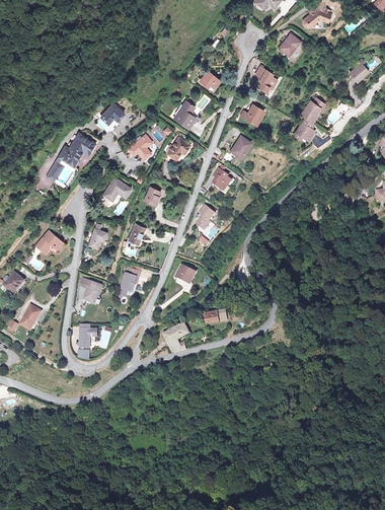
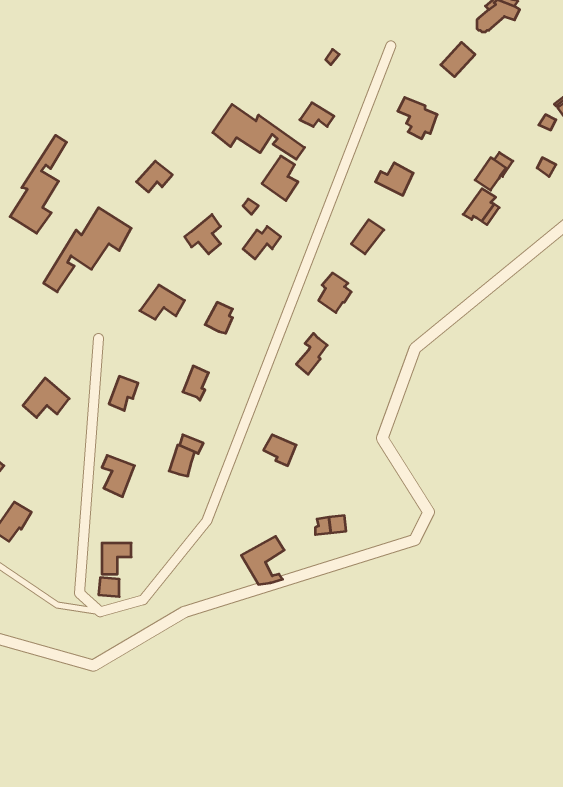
building: none -> [213,104,305,159]
building: none -> [10,135,67,233]

